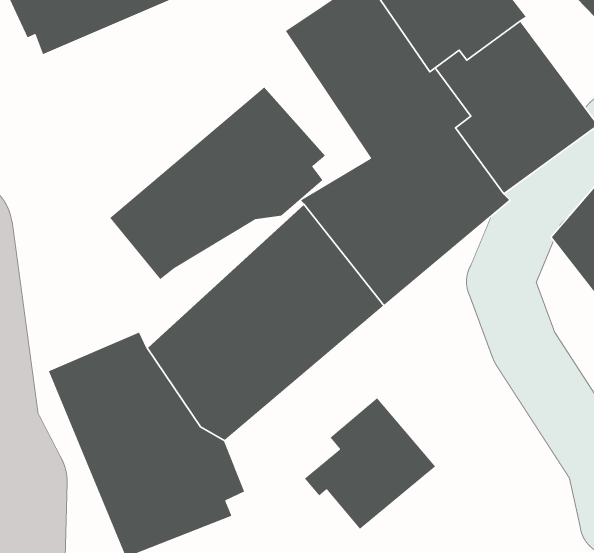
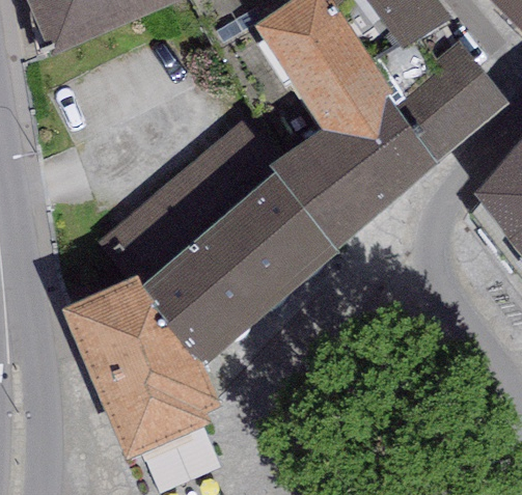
building: [109,87,326,280] -> none
building: [304,397,436,530] -> none

